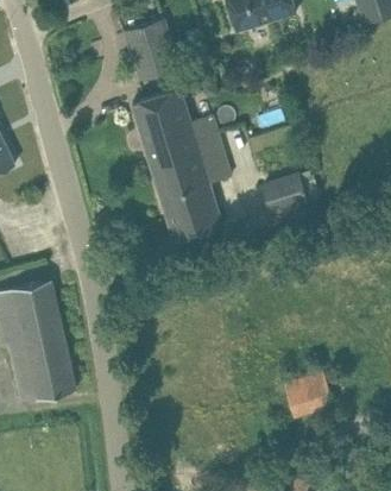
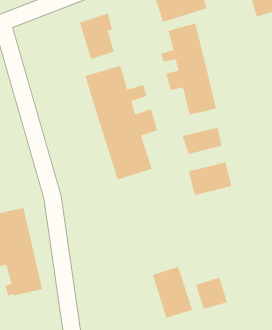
building: none -> [161,23,217,115]
building: none -> [188,162,232,196]
building: none -> [152,266,193,319]

